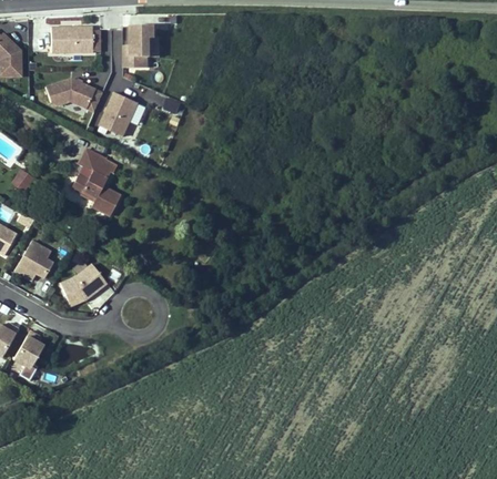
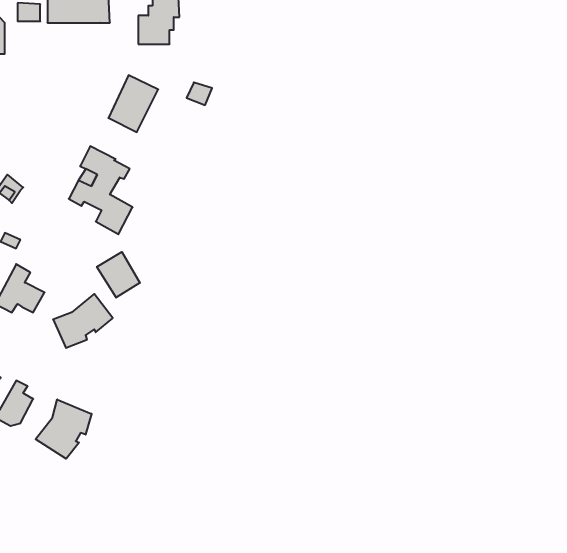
building: [47,79,104,112] -> none
building: none -> [97,252,140,298]
building: none -> [36,399,92,459]

